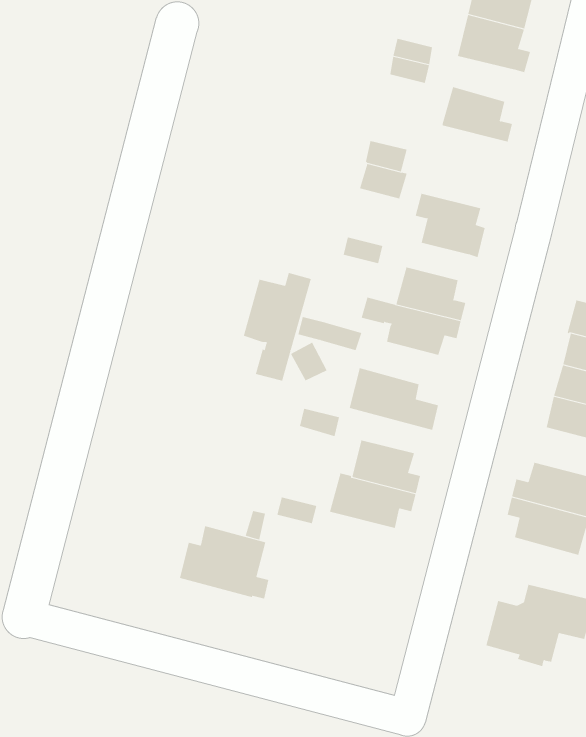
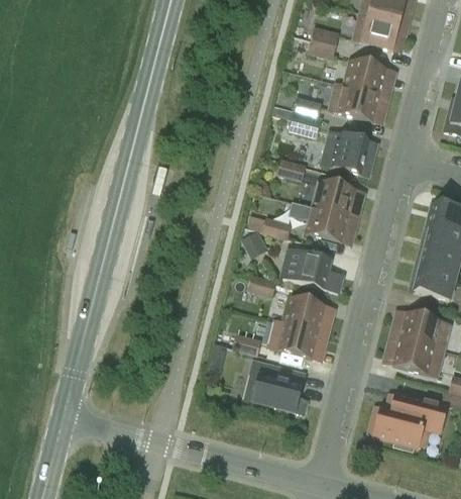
building: none -> [330,83,388,120]
building: [243,272,312,382] -> none
building: [179,526,269,599] -> [245,363,306,412]

